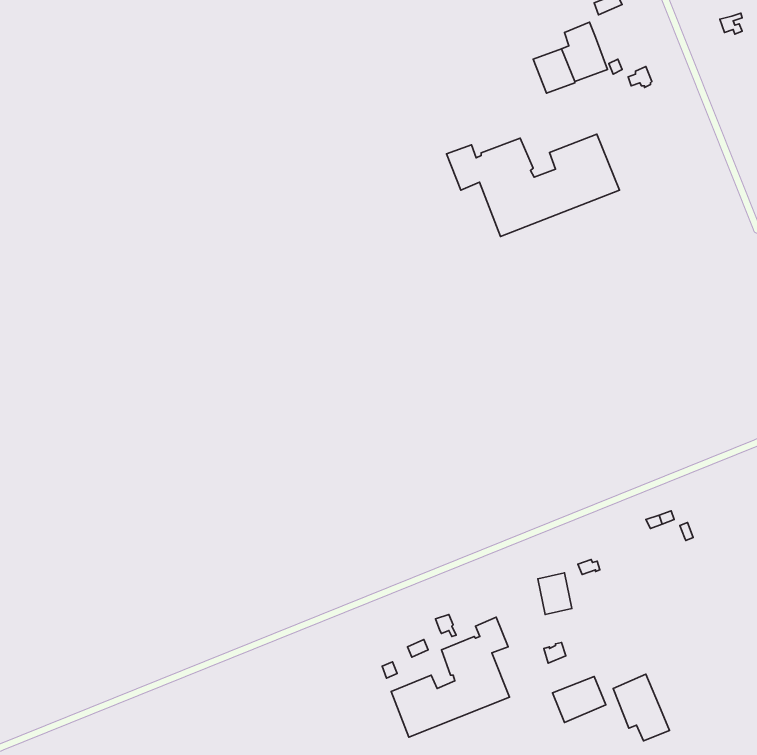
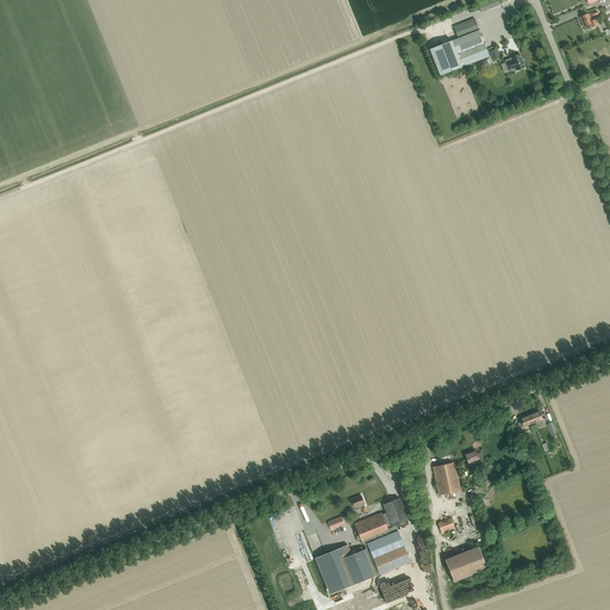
building: [447,134,619,237] -> none
building: [613,674,670,741] -> none

